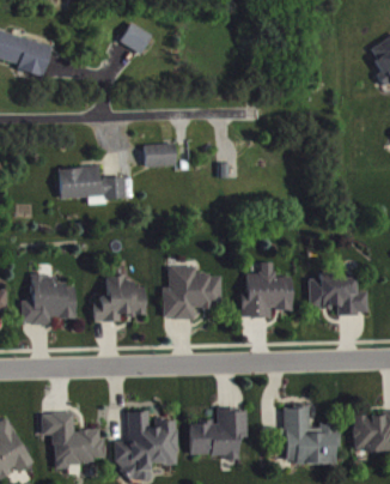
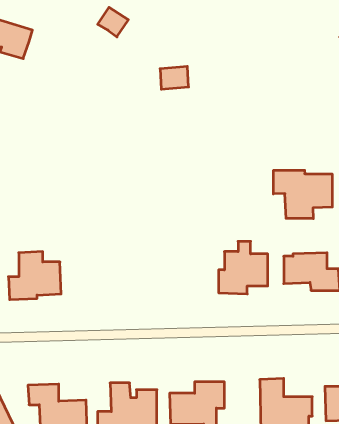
building: [139,138,169,162] -> [160,66,189,89]
building: [54,162,117,199] -> none
building: none -> [273,170,332,219]
building: [163,266,221,317] -> none
building: [93,274,145,321] -> none

